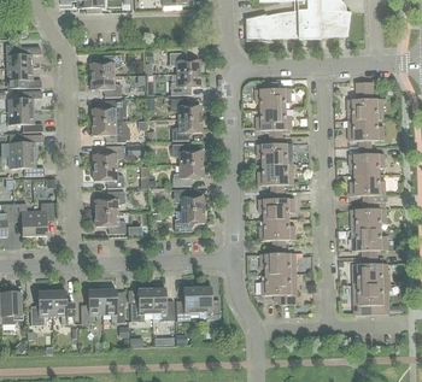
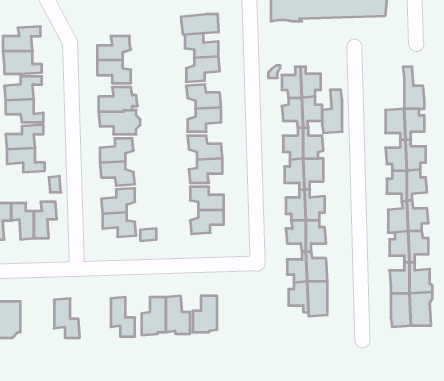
building: none -> [181,14,218,35]
building: [347,81,365,119] -> [322,90,342,133]
building: [198,284,219,318] -> none
building: [81,288,102,322] -> none
building: [30,289,52,324] -> none

